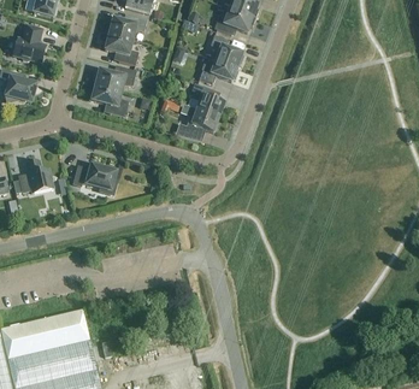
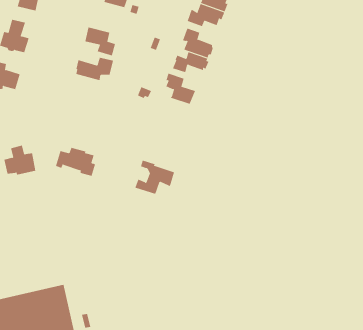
building: [108,13,147,39] -> none
building: [90,83,129,116] -> none
building: [175,102,218,140] -> [134,160,175,195]

